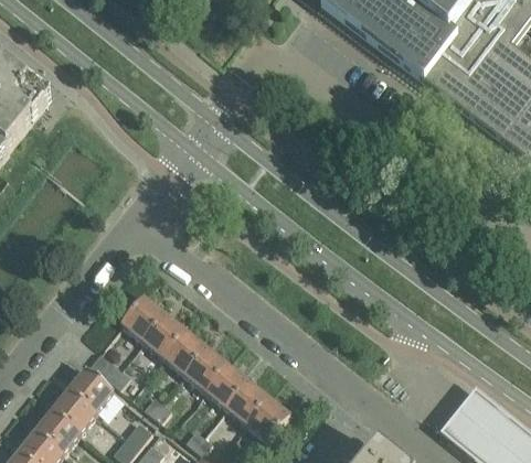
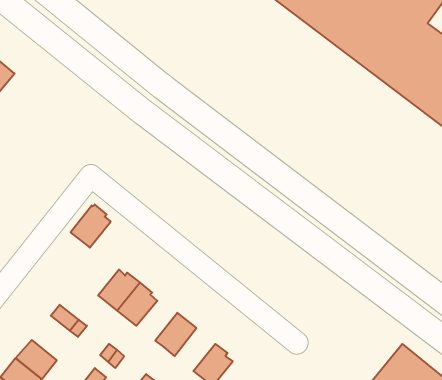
building: [118,293,162,341] -> [71,204,111,248]
building: [181,346,226,390] -> none
building: [66,367,110,411] -> none
building: [223,376,268,423] -> none

